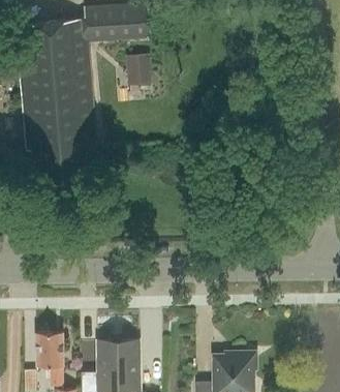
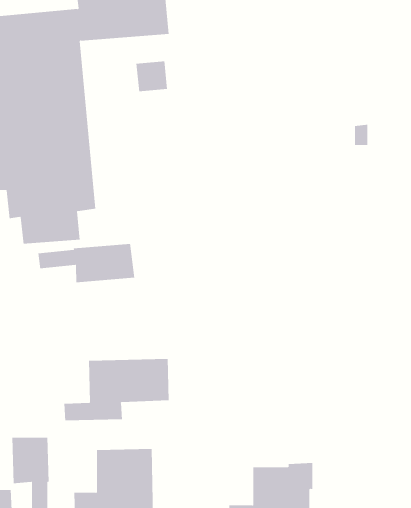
building: none -> [38,243,135,283]
building: none -> [64,358,169,421]

